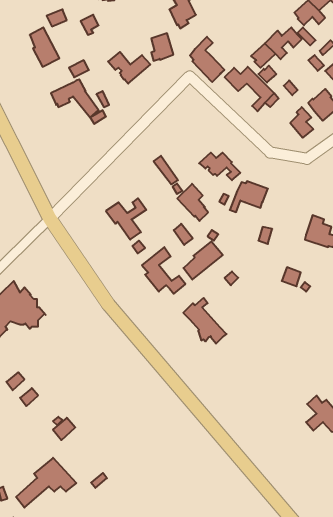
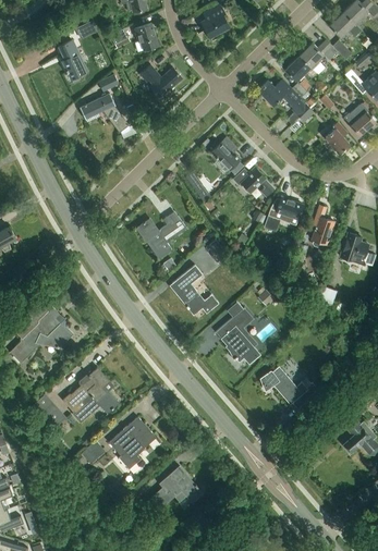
building: [151,33,173,61] -> [135,23,158,51]
building: [190,37,224,82] -> none
building: [177,184,208,221] -> [211,136,243,174]
building: none -> [312,205,334,243]
building: [183,241,223,280] -> none
building: none -> [260,366,317,408]
building: none -> [63,367,120,421]
building: none -> [109,417,156,468]
building: [16,458,76,508] -> [141,466,203,517]

